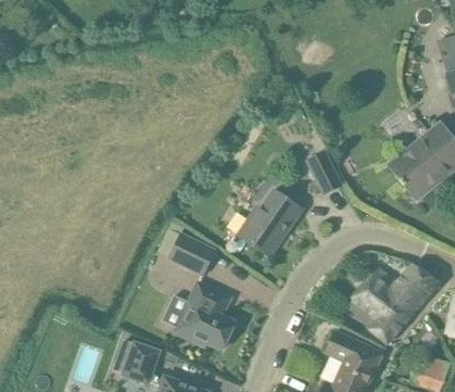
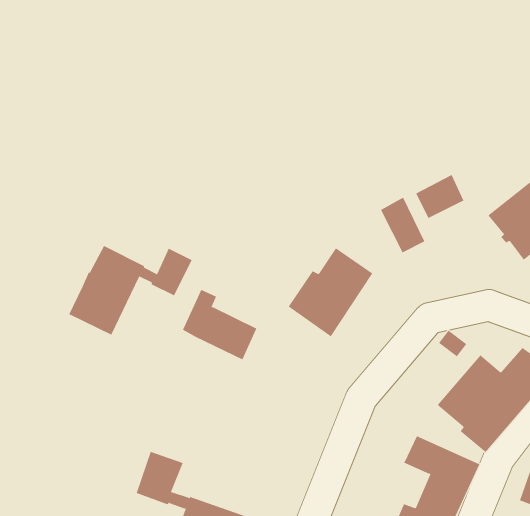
building: none -> [415,174,464,219]
building: none -> [68,245,192,336]
building: [163,281,235,349] -> none

